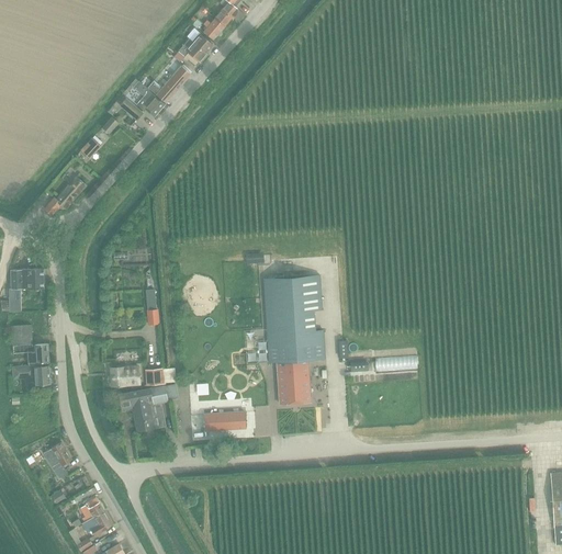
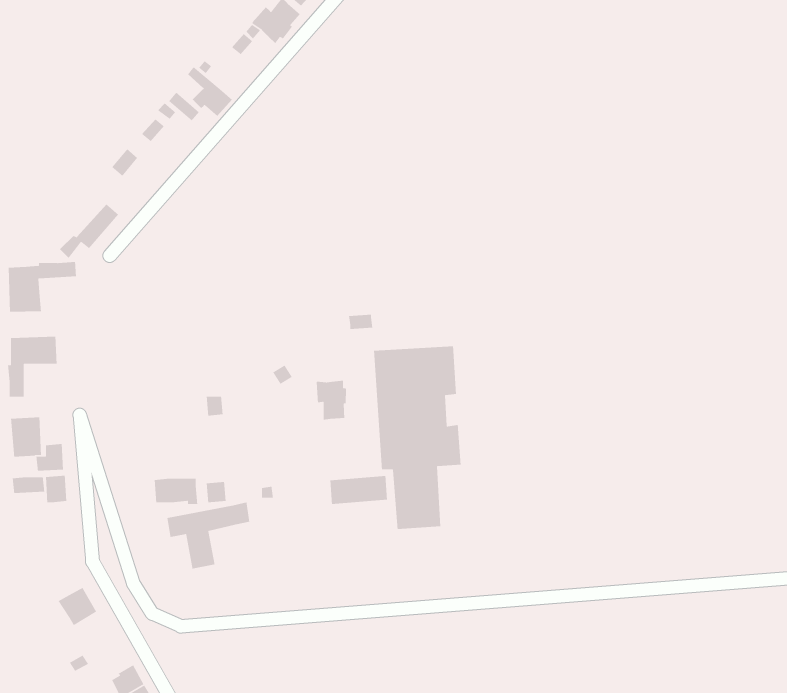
building: [148,65,190,102] -> none
building: none -> [8,261,77,312]
building: none -> [316,380,347,420]
building: [204,410,245,431] -> [329,475,388,505]

